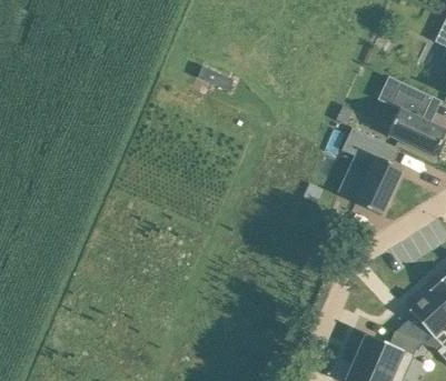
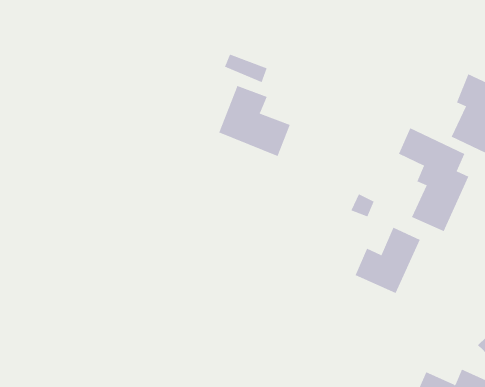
building: none -> [218,85,291,157]
building: none -> [355,227,421,294]

